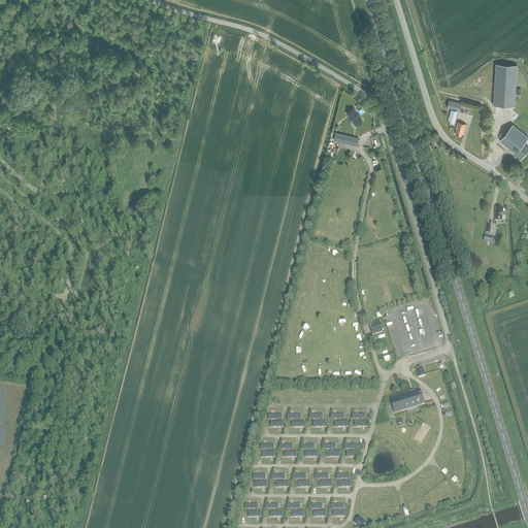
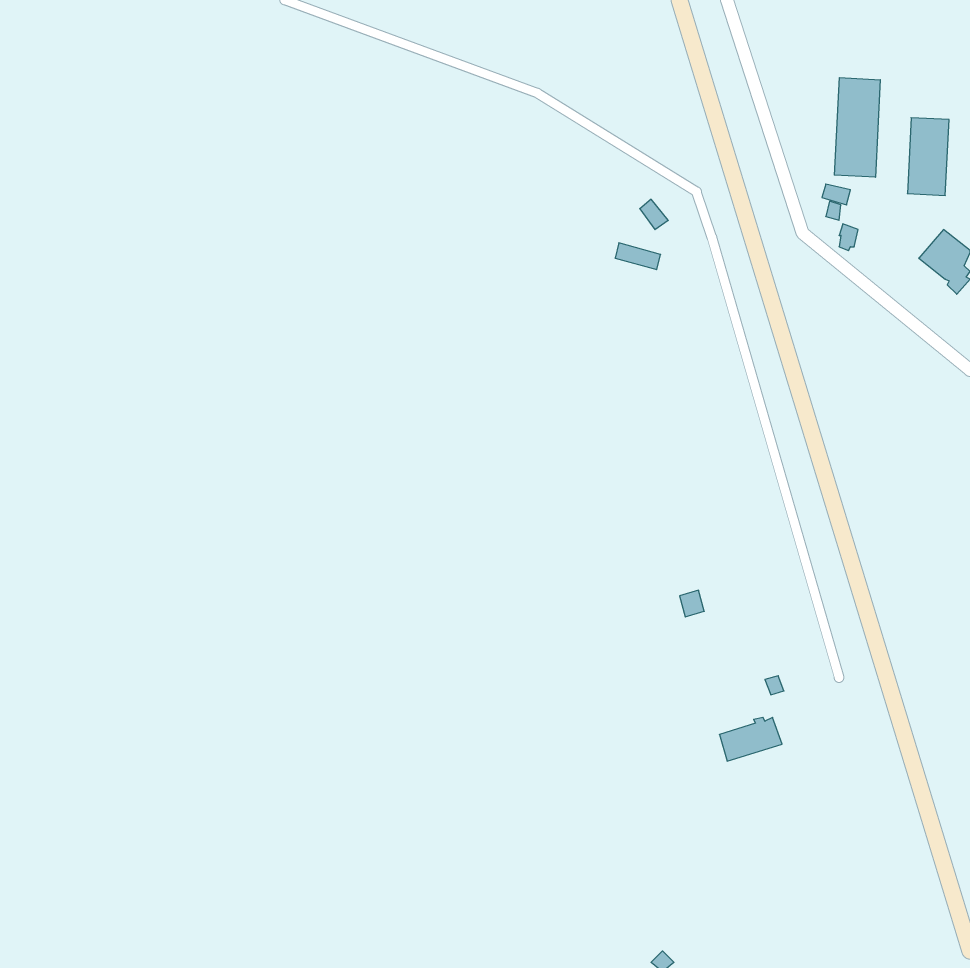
building: none -> [834,78,880,177]

